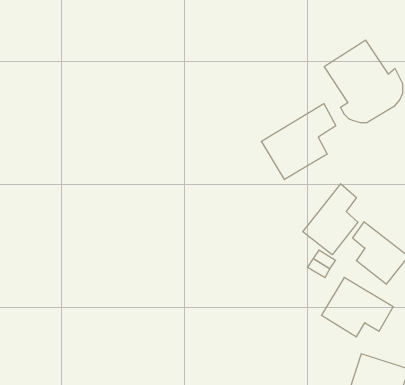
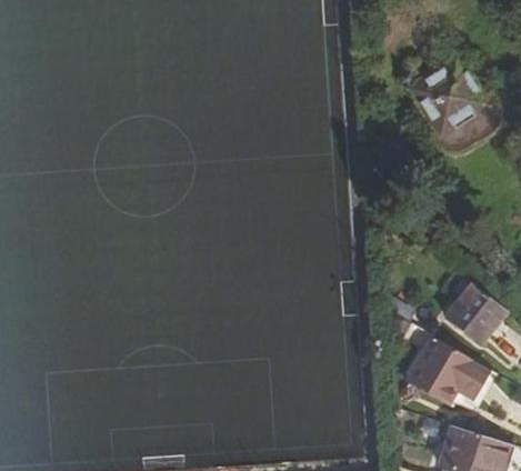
building: [261,104,336,180] -> none
building: [303,184,358,255] -> none

